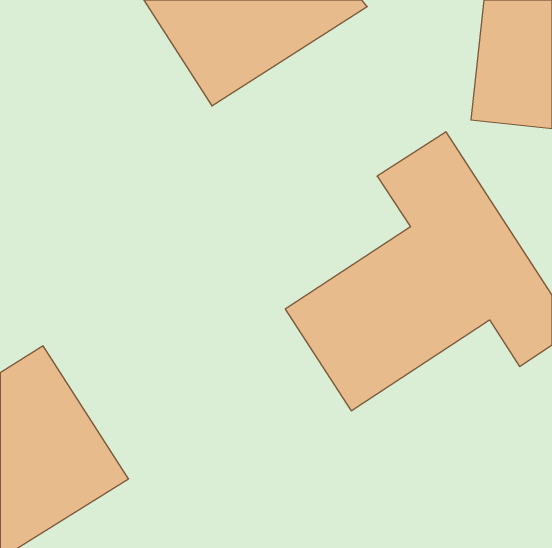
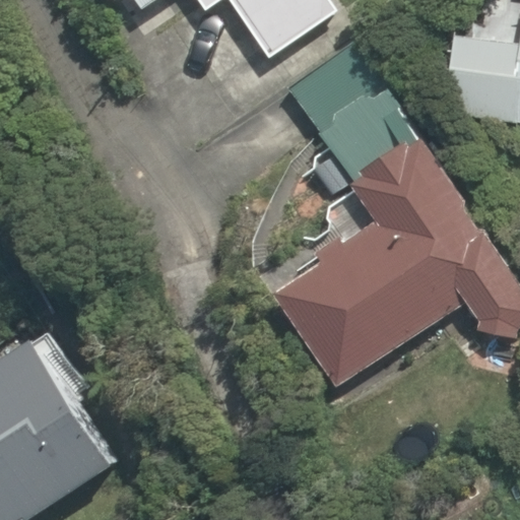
building: none -> [289,32,408,155]

